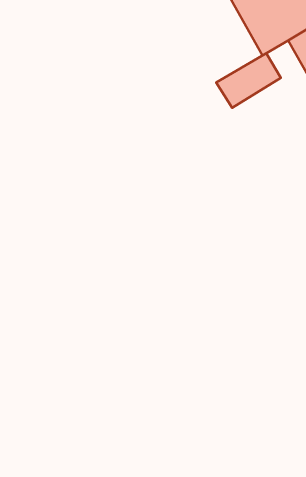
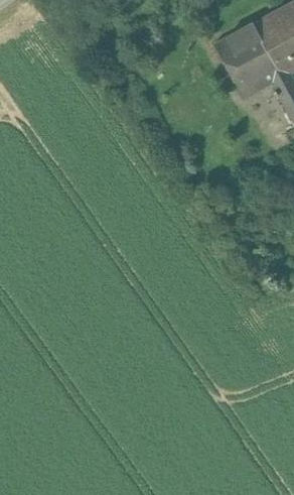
building: [216,53,281,108] -> none

